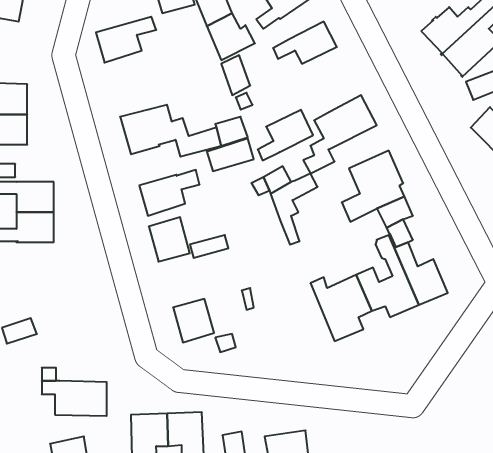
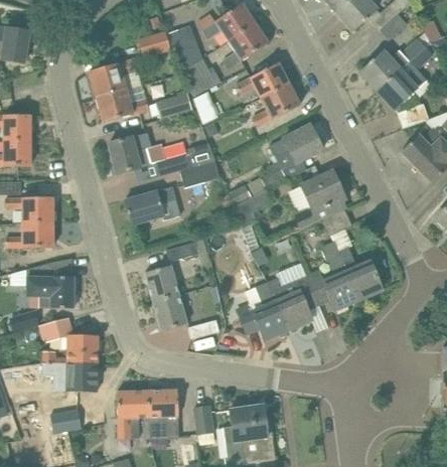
building: none -> [96,87,150,122]
building: none -> [156,93,192,118]
building: [258,110,313,160] -> [254,84,300,126]
building: [149,217,190,262] -> [145,264,179,301]
building: none -> [27,262,74,307]
building: none -> [238,281,288,339]
building: none -> [40,316,99,363]

